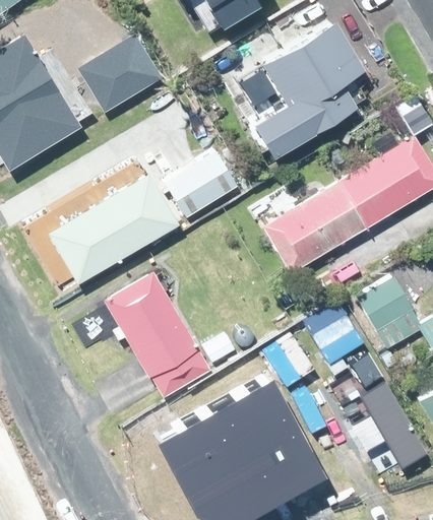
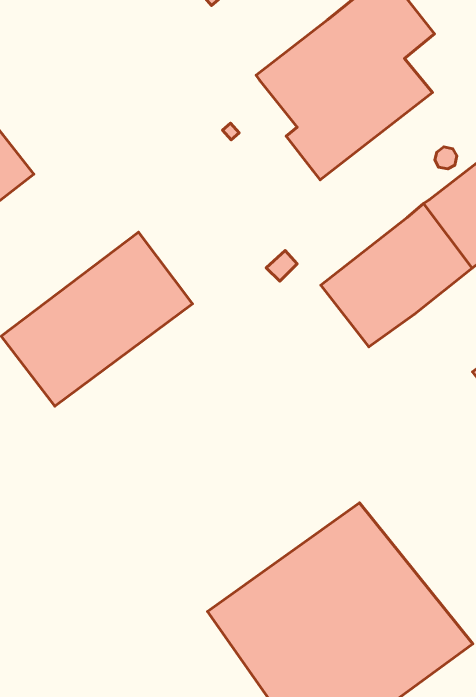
building: [73,35,161,118] -> none
building: [166,151,239,217] -> none
building: [106,271,211,396] -> none

